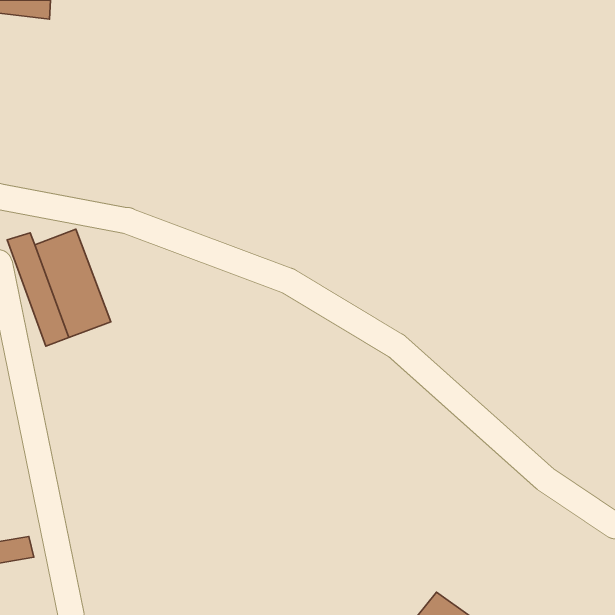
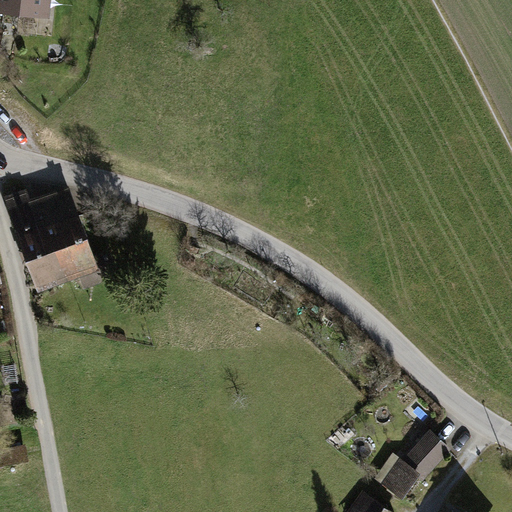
building: none -> [373,430,452,501]

